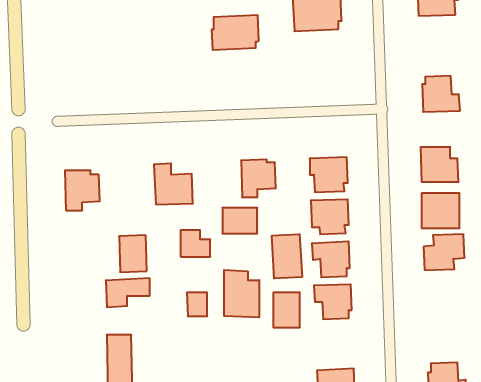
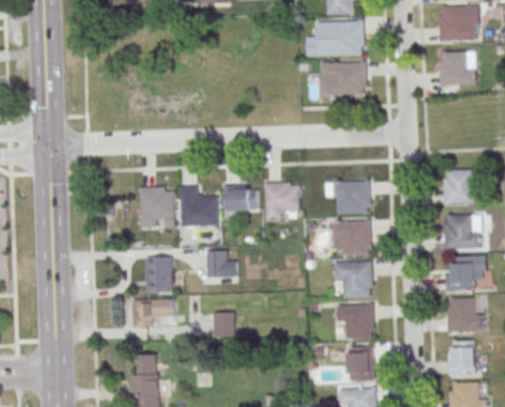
building: [212,15,259,50] -> [319,60,365,95]
building: [422,76,460,112] -> [438,50,476,86]
building: [65,170,100,210] -> [139,186,173,226]
building: [222,208,257,233] -> [222,185,256,211]
building: [272,234,302,279] -> none
building: [224,270,259,317] -> none
building: none -> [446,297,480,331]
building: [273,293,300,327] -> [347,345,373,379]
building: none -> [449,341,474,374]

